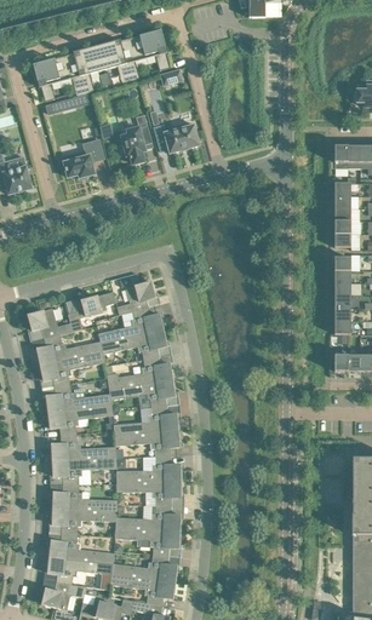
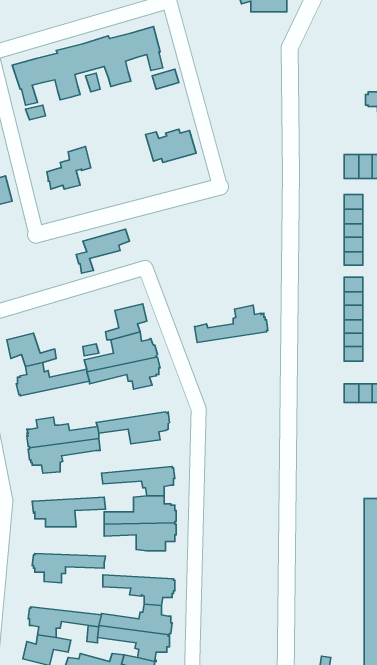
building: [122,124,153,162] -> none
building: [68,291,116,331] -> [76,229,130,273]
building: [39,351,105,386] -> none
building: [107,355,173,389] -> [195,305,268,343]
building: [114,404,179,435] -> none
building: [51,434,116,460] -> none
building: [52,483,118,510] -> none
building: [115,505,182,530] -> none
building: [48,533,115,563] -> none

